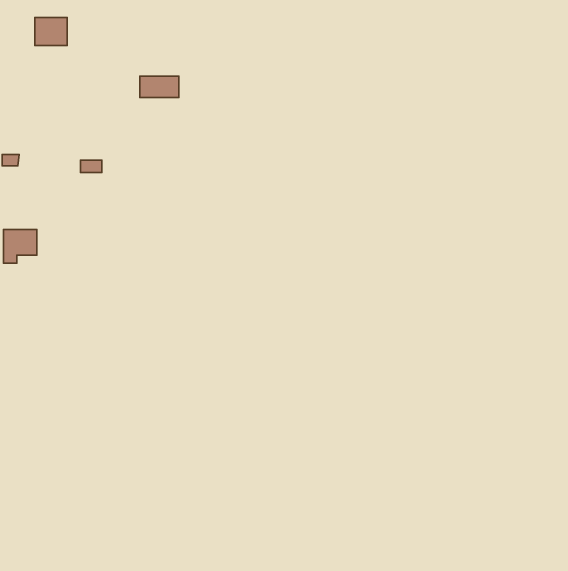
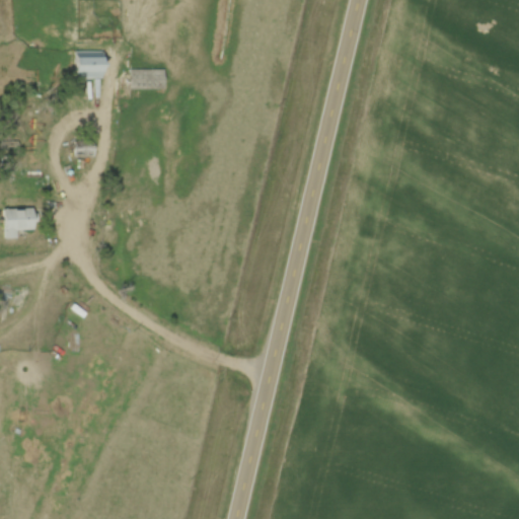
building: [35,17,67,45] -> [76,51,105,76]

